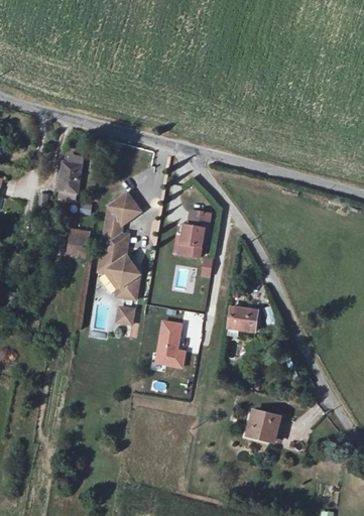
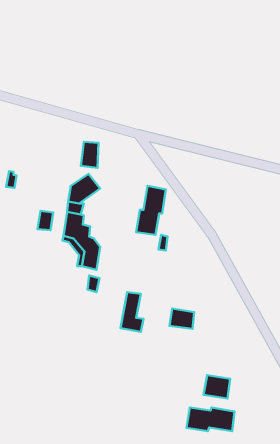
building: [58,165,78,194] -> [81,142,98,168]
building: [232,306,259,329] -> [169,308,194,329]
building: none -> [186,407,235,431]

